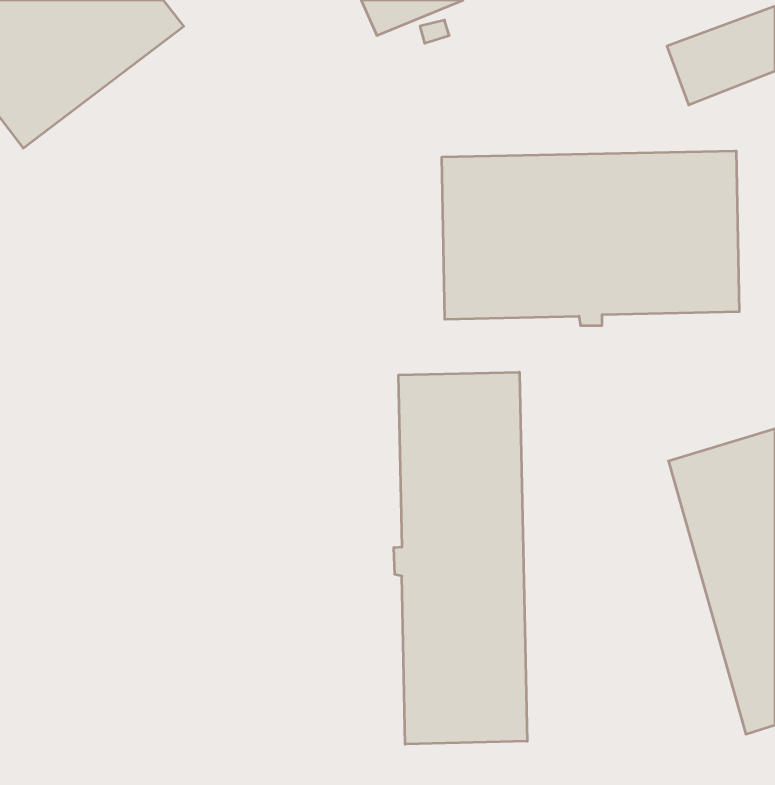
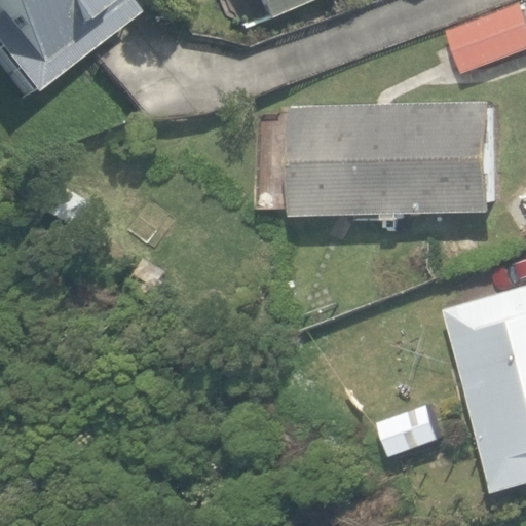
building: [394,372,527,744] -> none

